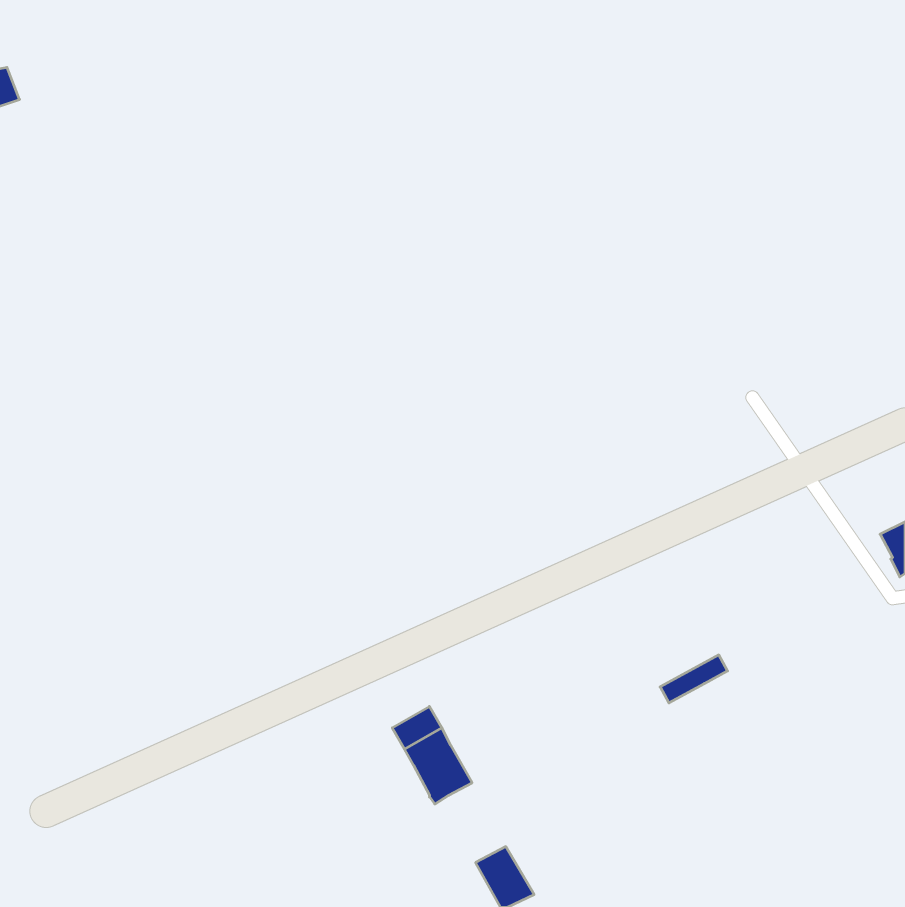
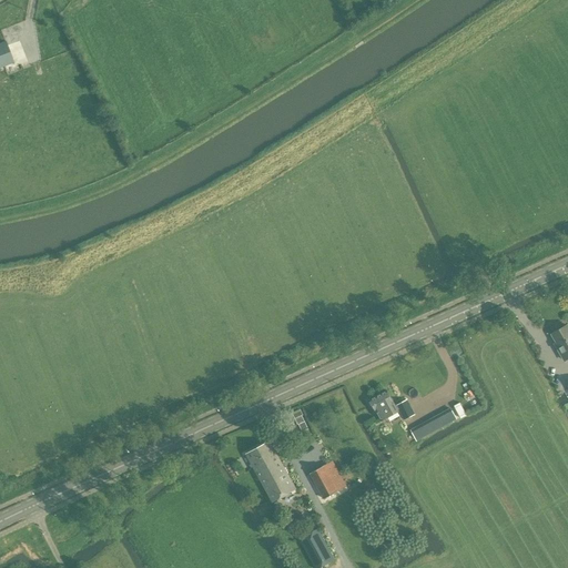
building: none -> [368,390,413,422]
building: none -> [308,462,345,499]

